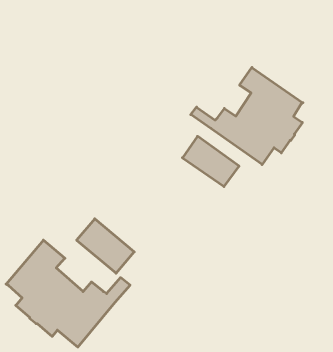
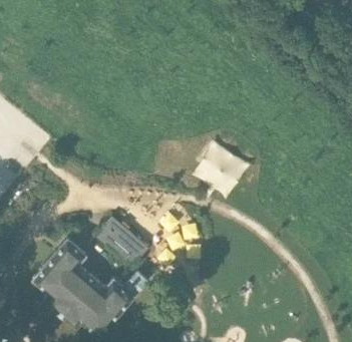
building: [191,67,303,165] -> none

